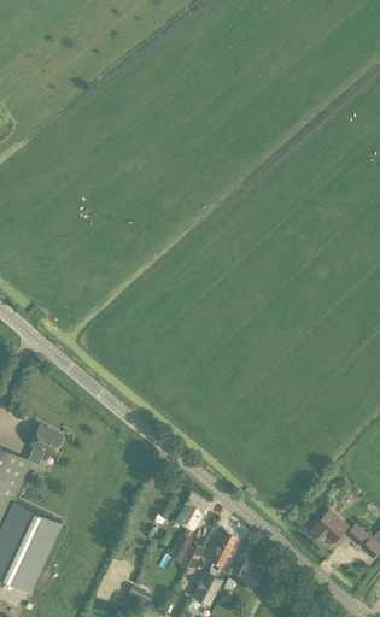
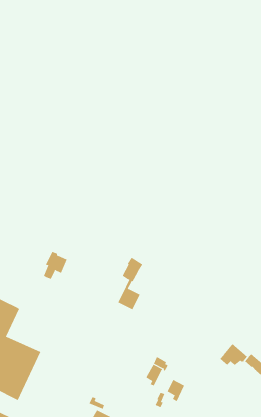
building: [27,425,60,465] -> [43,251,67,279]
building: [170,494,206,569] -> [117,257,143,310]
building: [191,571,221,605] -> none

